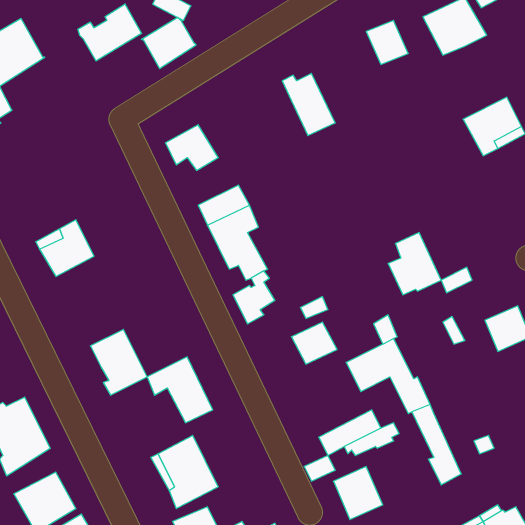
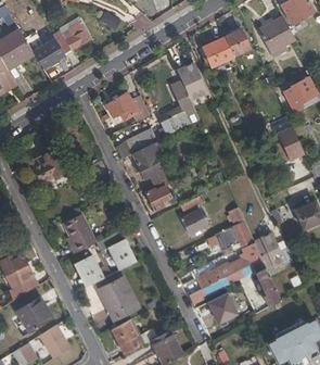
building: [141,17,196,69] -> [33,39,65,70]
building: none -> [202,36,233,66]
building: none -> [157,78,193,133]
building: [388,233,441,295] -> [272,125,304,162]
building: none -> [255,232,293,264]
building: none -> [75,257,102,286]

